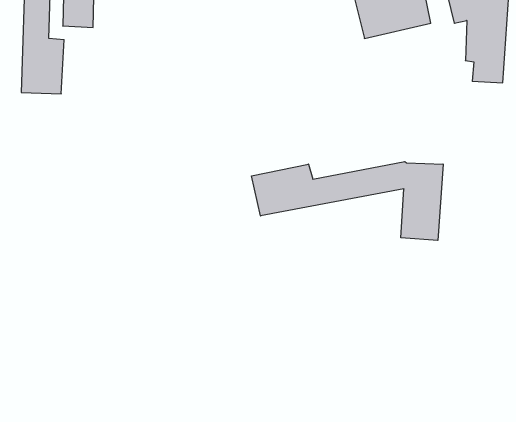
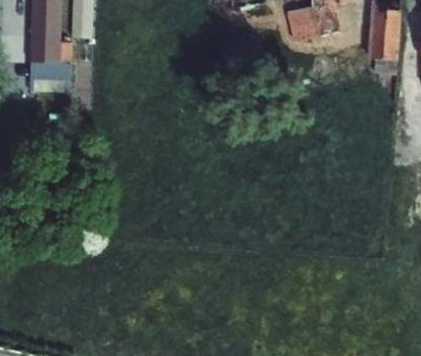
building: [252,162,443,240] -> none

